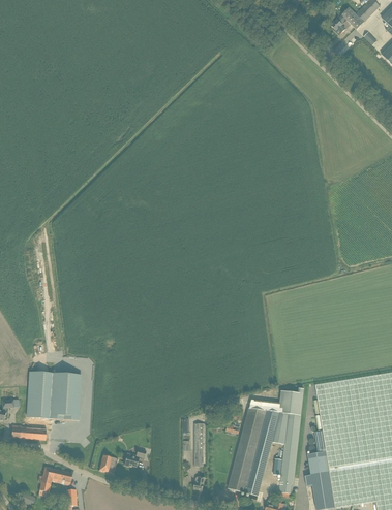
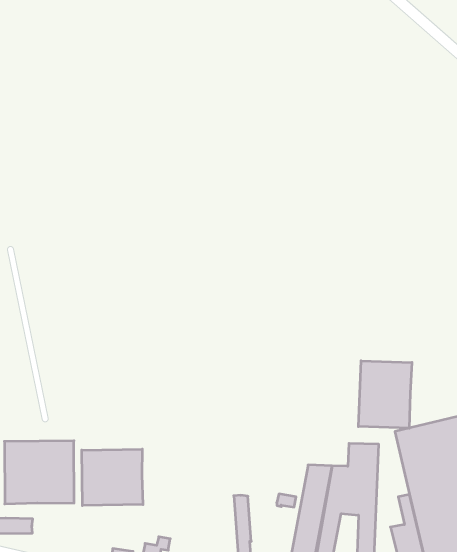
building: none -> [358,361,412,428]
building: none -> [82,449,143,506]

